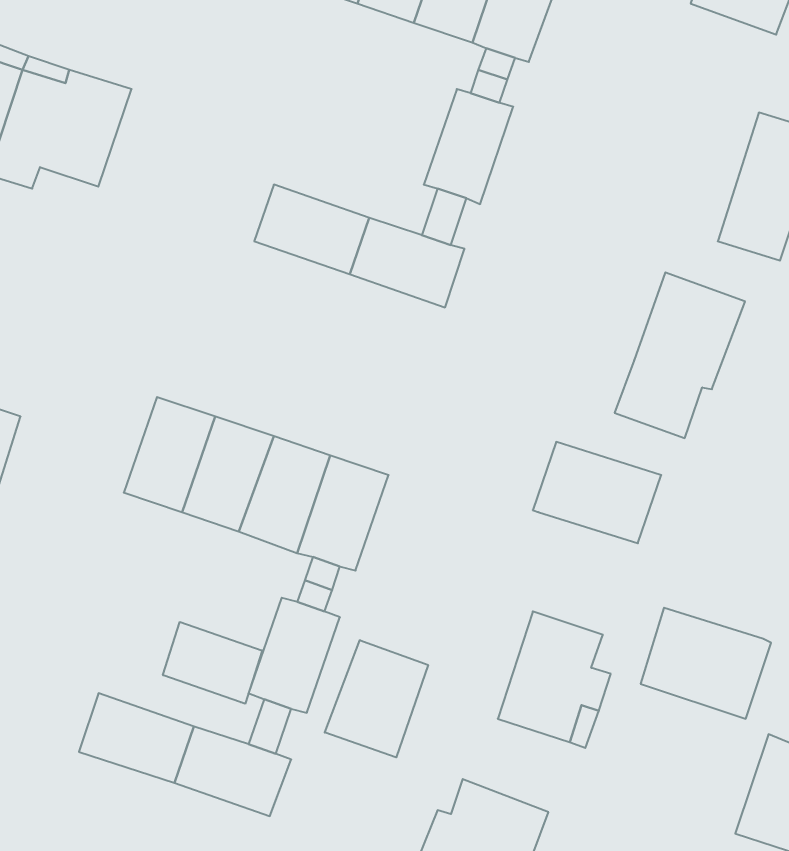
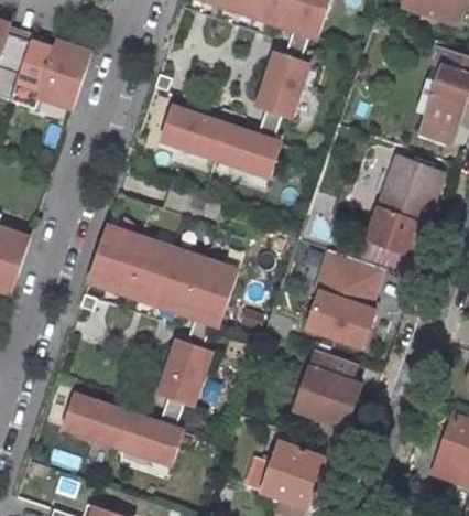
building: [641,608,771,719] -> [307,291,381,354]
building: [163,622,262,704] -> none
building: [325,640,428,757] -> none

